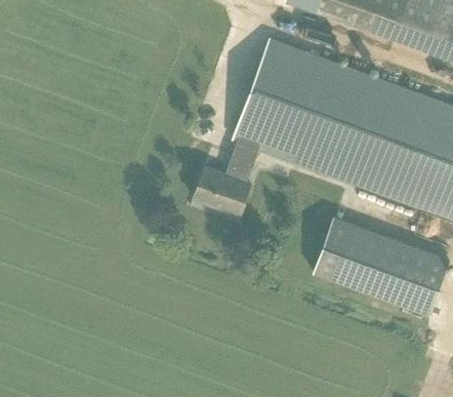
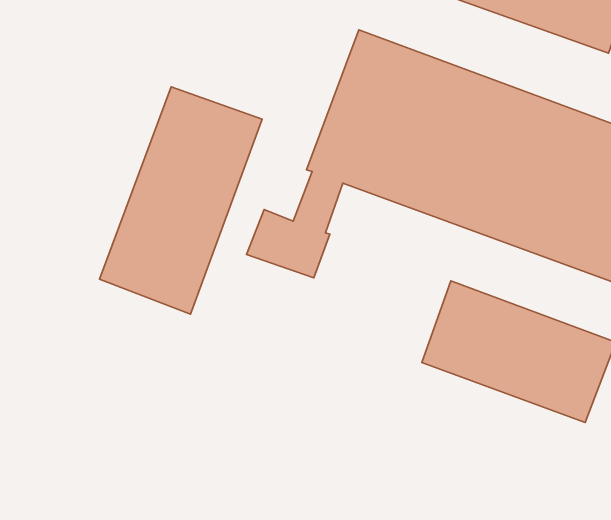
building: none -> [99,87,262,314]

